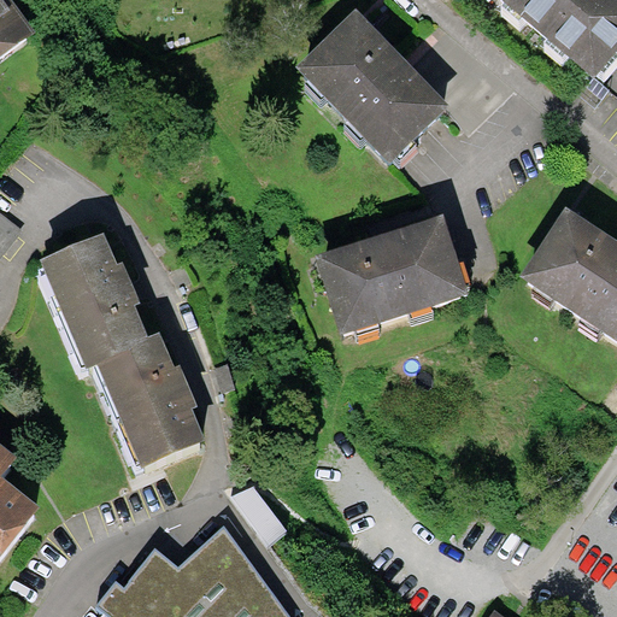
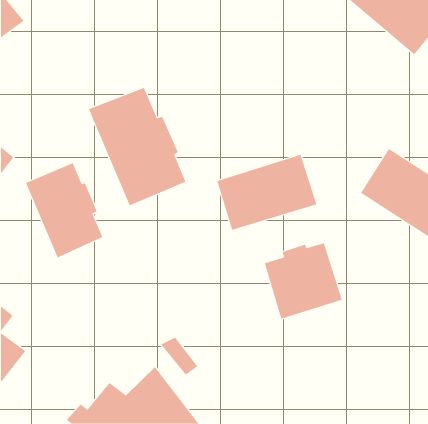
building: [294,16,436,158] -> none
building: none -> [88,87,186,206]
building: [94,336,204,468] -> none
building: none -> [264,242,342,319]

